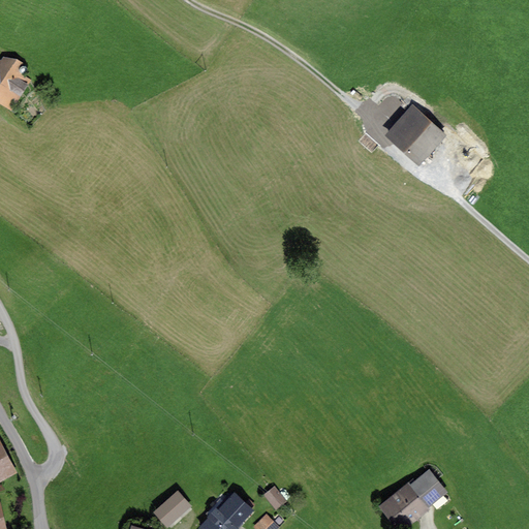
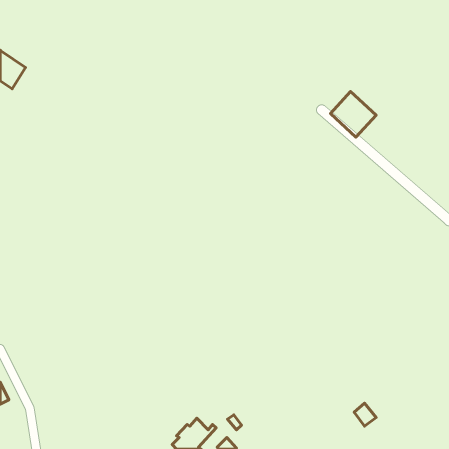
building: [385,484,424,524] -> none
building: [156,493,189,524] -> none

